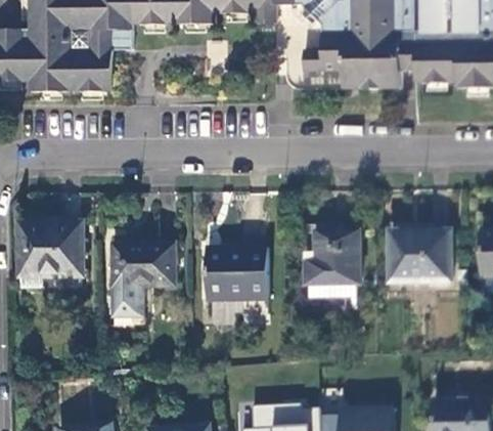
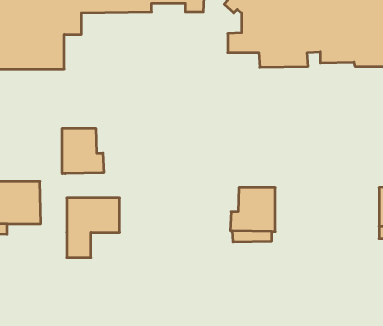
building: none -> [62,128,104,174]
building: [390,227,451,278] -> none
building: [207,247,267,299] -> none

